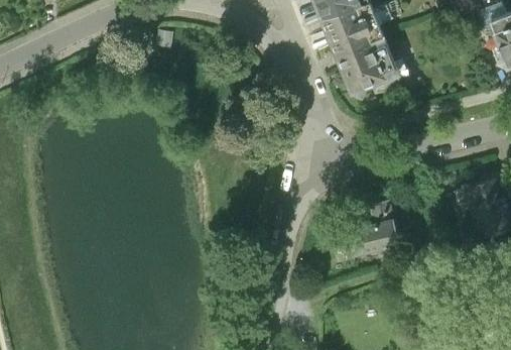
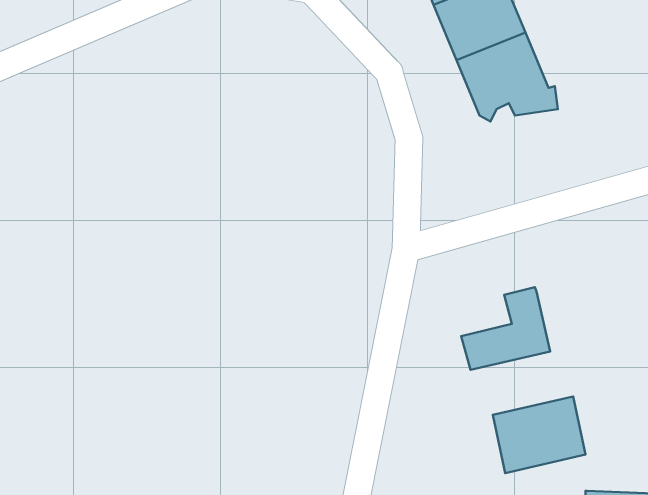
building: none -> [493,396,586,473]

